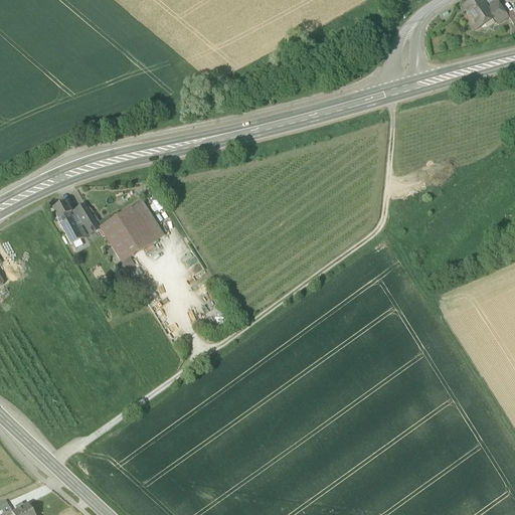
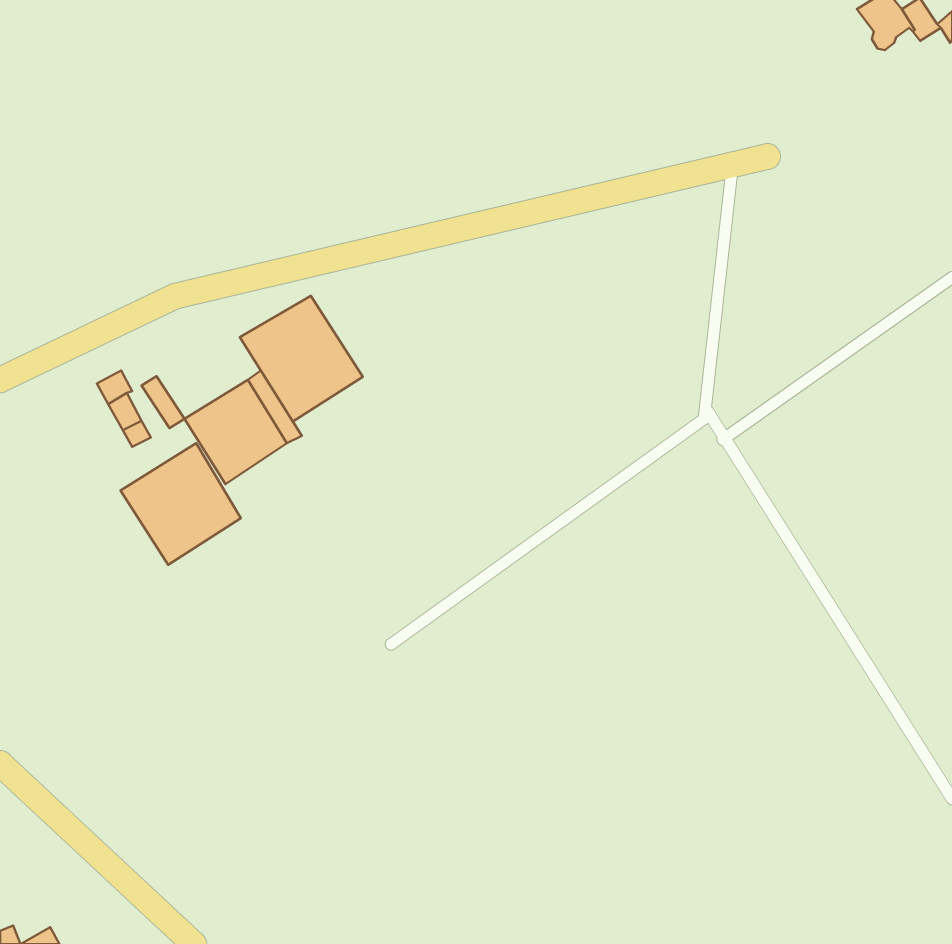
building: none -> [240,296,363,422]
building: none -> [121,443,241,565]

